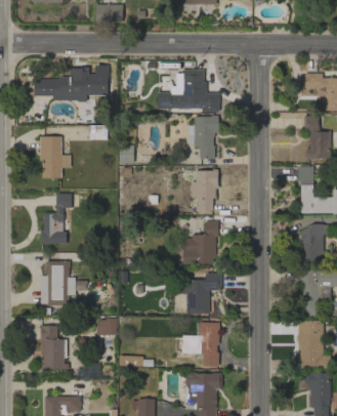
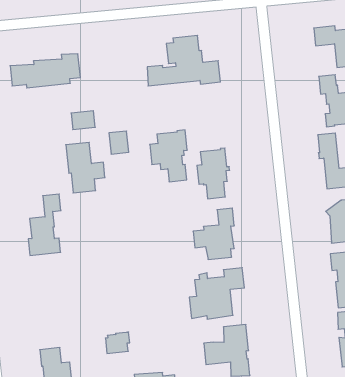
building: [186,116,218,159] -> [150,130,187,182]
building: [40,136,71,178] -> [66,142,105,193]
building: [41,261,86,305] -> none

